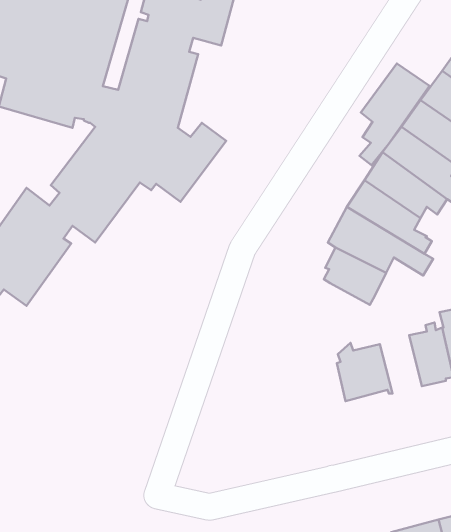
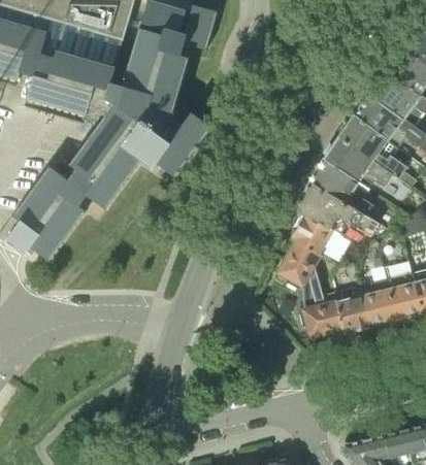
building: [360,63,429,165] -> none
building: none -> [276,243,327,301]
building: none -> [335,286,369,333]

